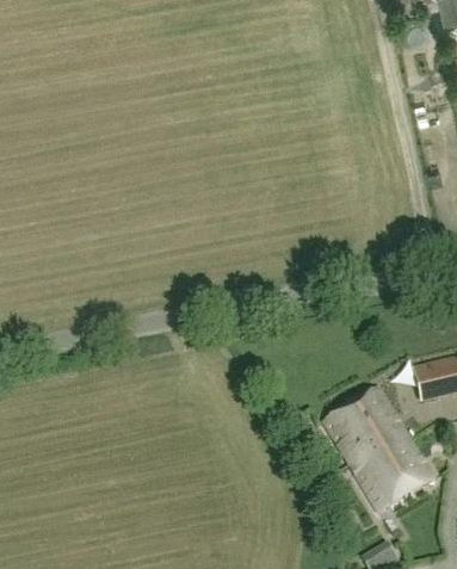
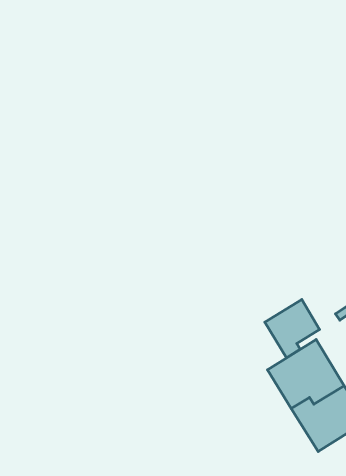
building: none -> [265,300,320,358]

